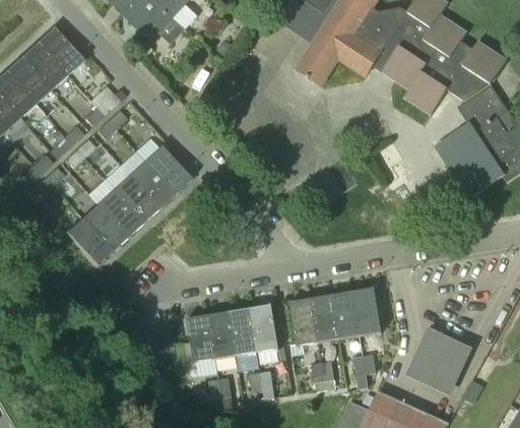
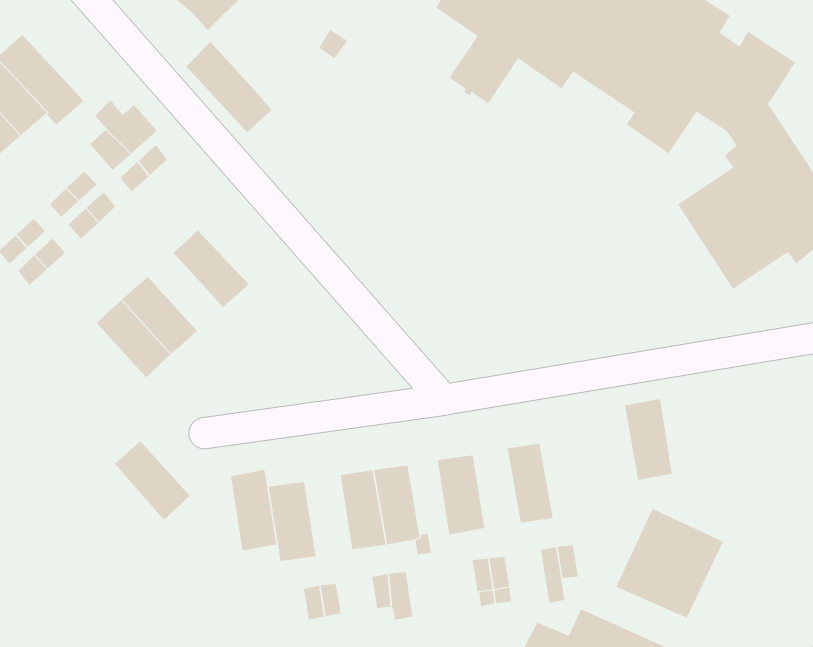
building: [38,26,90,82] -> [186,41,272,133]
building: [144,145,192,194] -> none
building: [114,175,159,223] -> none
building: [66,218,113,266] -> [114,441,191,521]
building: [352,287,382,337] -> [624,399,673,480]
building: [312,294,340,343] -> none
building: [209,310,238,360] -> [230,469,277,551]

